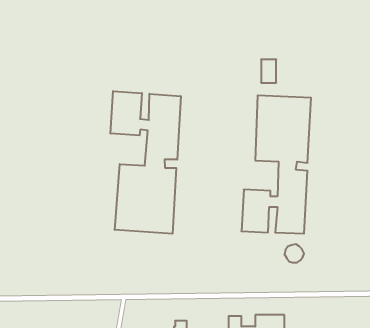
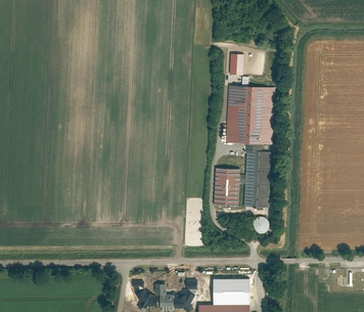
building: [111,91,181,234] -> none

